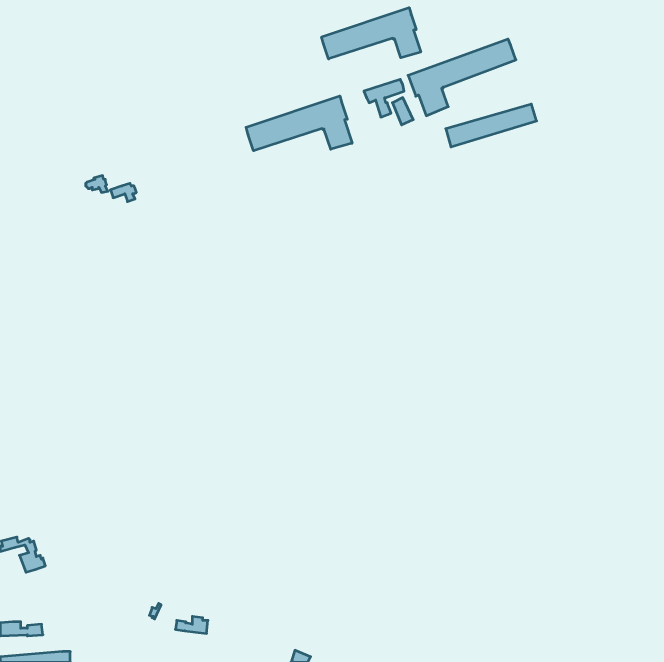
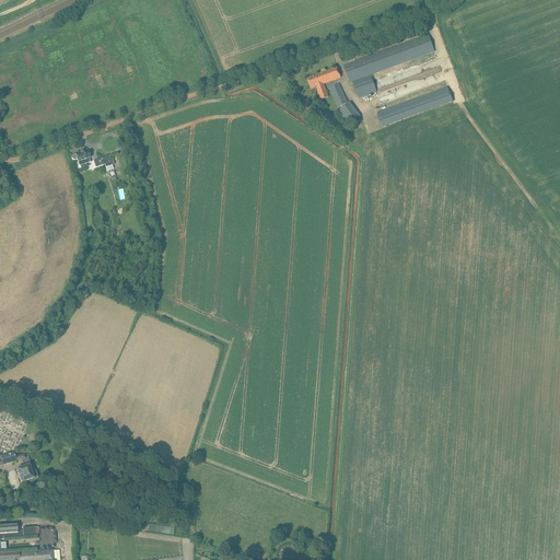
building: [322,8,421,59] -> none
building: [246,96,352,151] -> none

